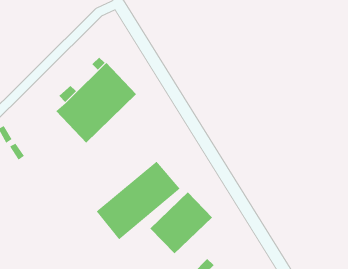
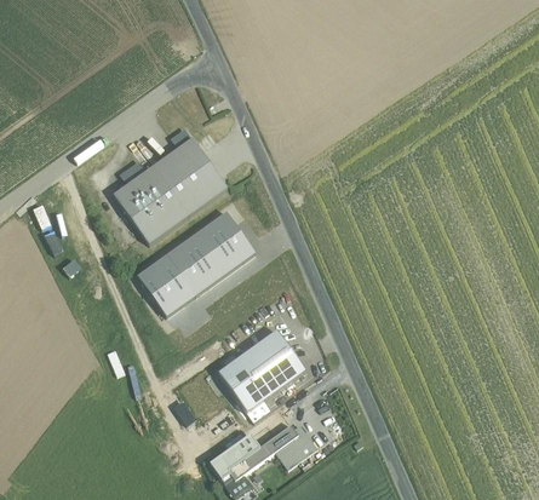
building: [96,161,181,240] -> [134,212,254,312]

